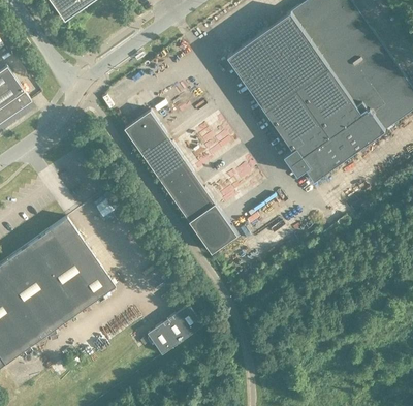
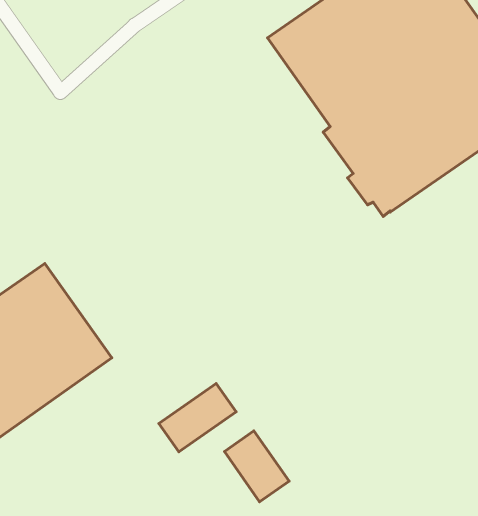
building: [124,111,237,253] -> none
building: none -> [224,431,289,502]

